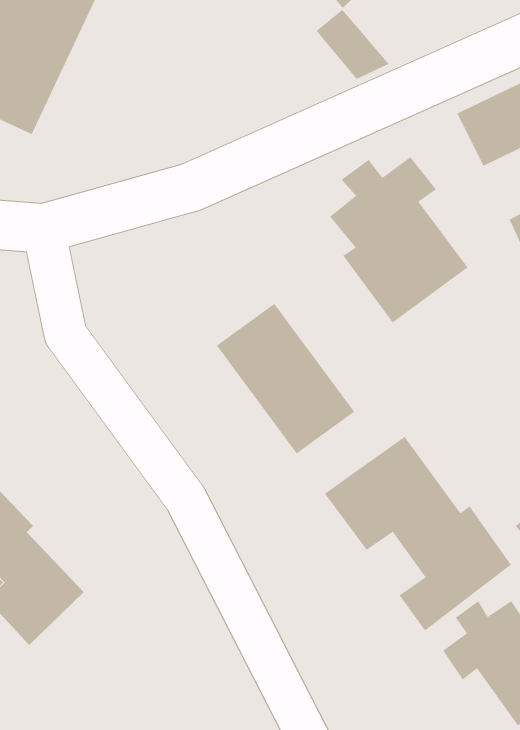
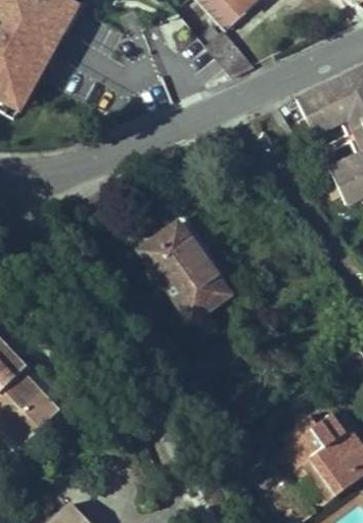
building: [329,156,469,324] -> none
building: [324,436,512,631] -> none

